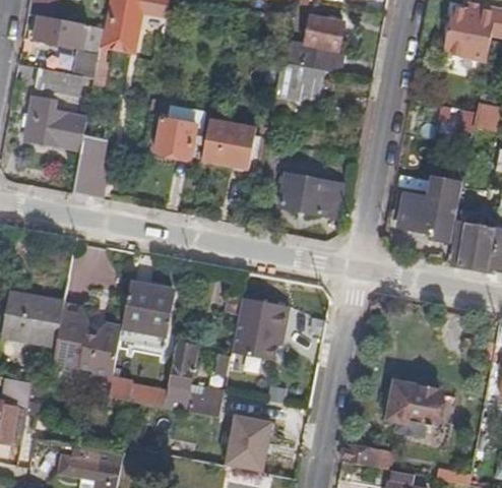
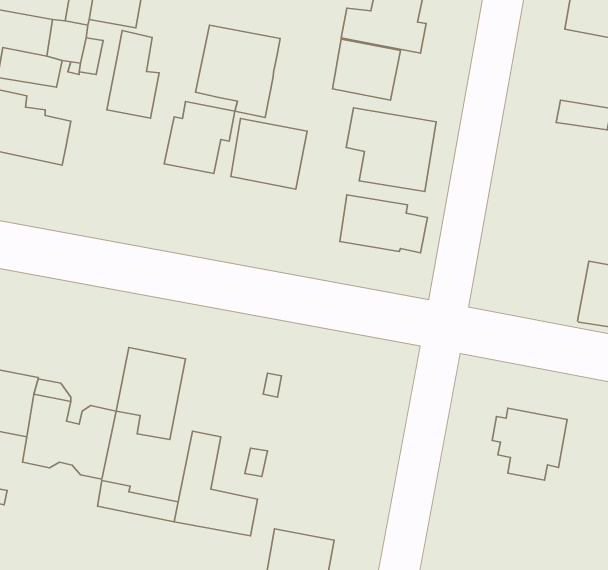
building: none -> [196,25,280,118]
building: none -> [346,108,436,192]
building: [74,136,112,199] -> [107,31,159,118]
building: [399,176,463,242] -> none
building: [231,295,293,373] -> none
building: [383,386,437,438] -> [492,408,567,480]

